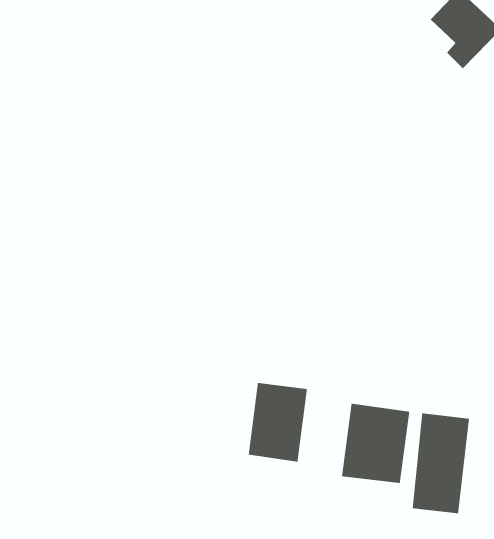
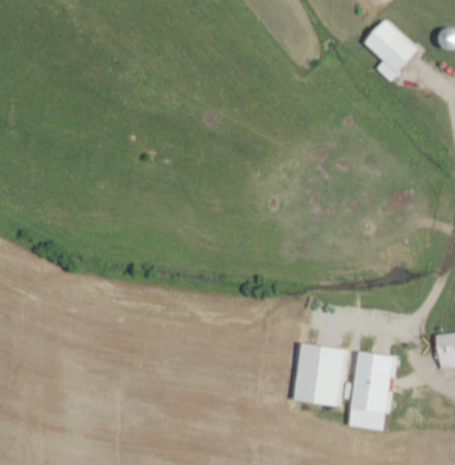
building: [248,382,307,463] -> none

